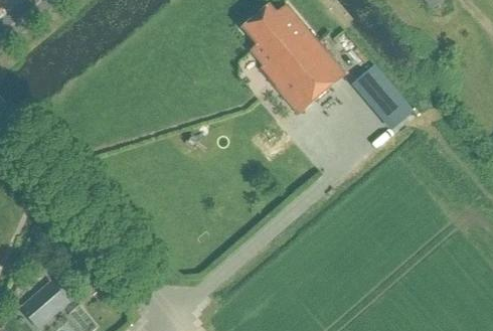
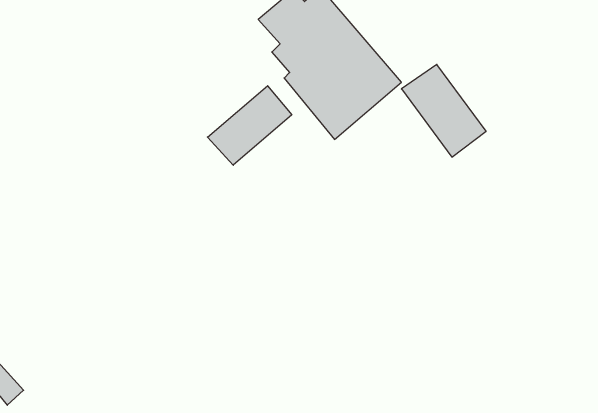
building: none -> [207,86,292,165]

